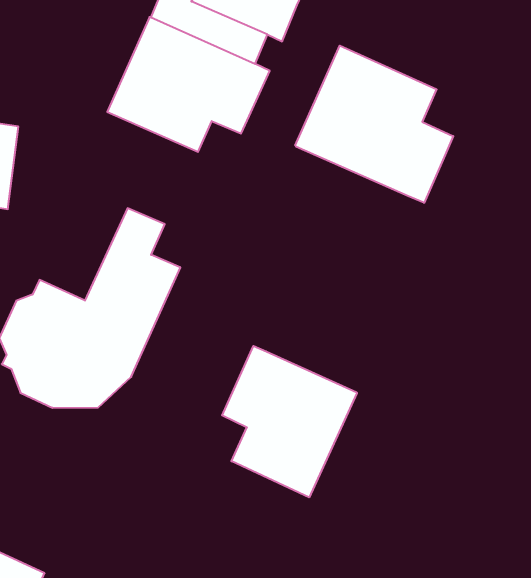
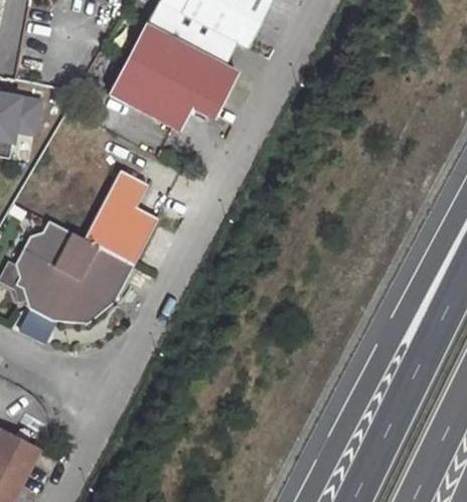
building: [295,46,453,203] -> none
building: [222,346,357,497] -> none

